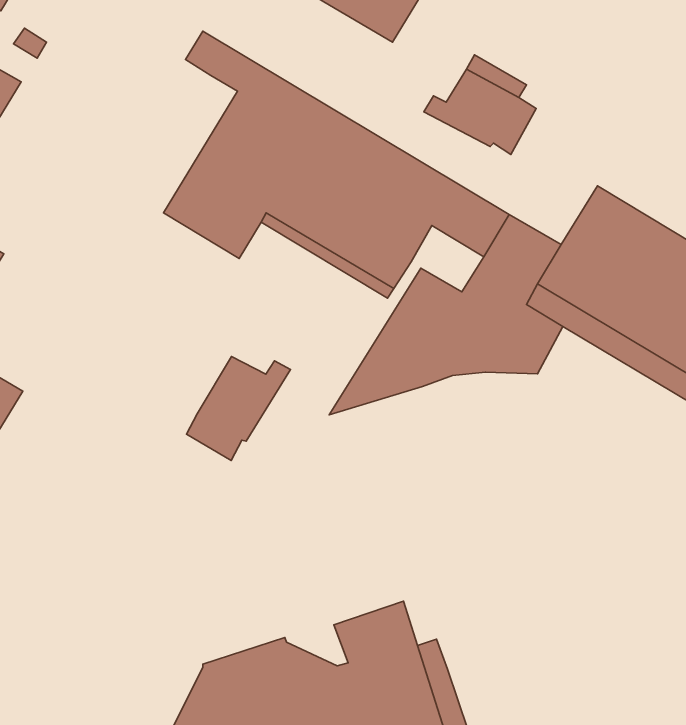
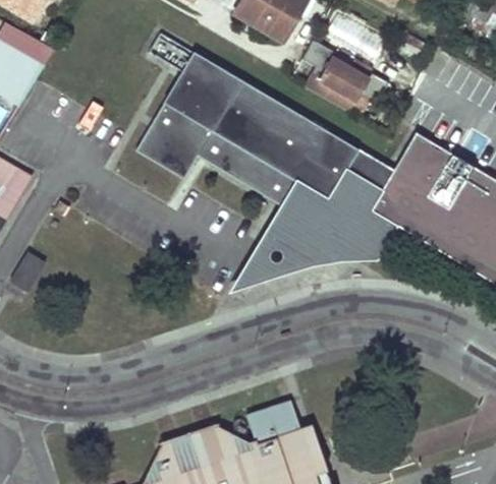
building: none -> [295,158,342,200]
building: [187,356,291,461] -> none

